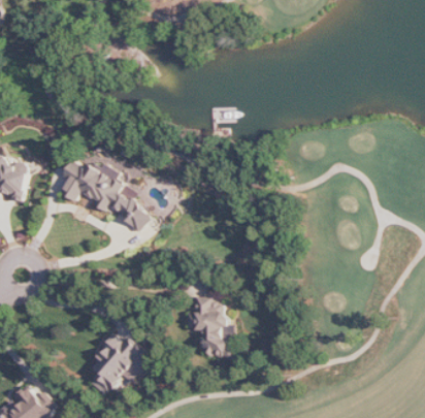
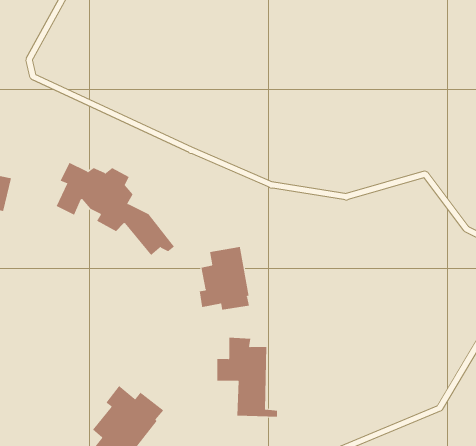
building: none -> [199,246,250,311]

